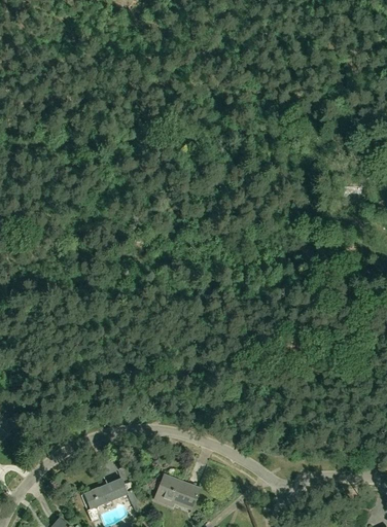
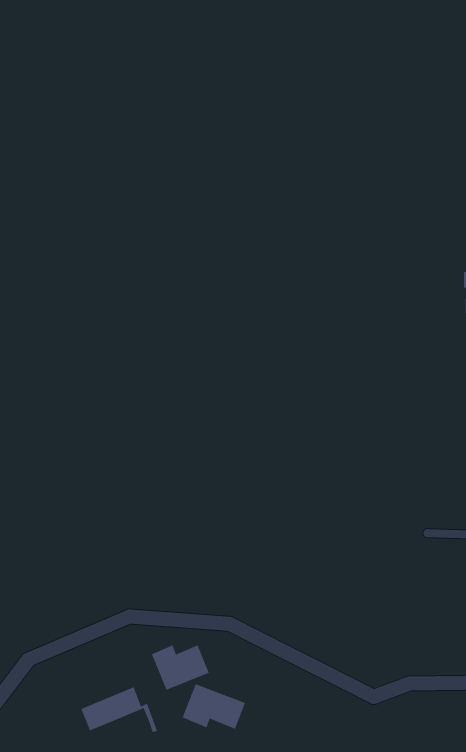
building: none -> [151,644,210,690]

